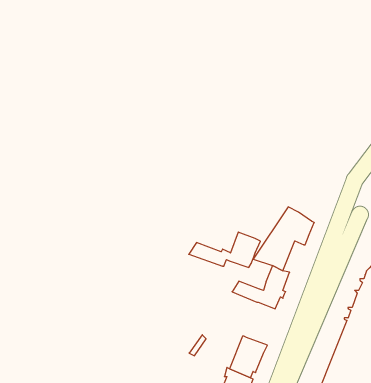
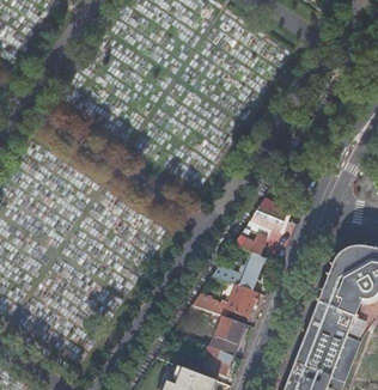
building: [189,232,260,267] -> [193,285,258,317]

